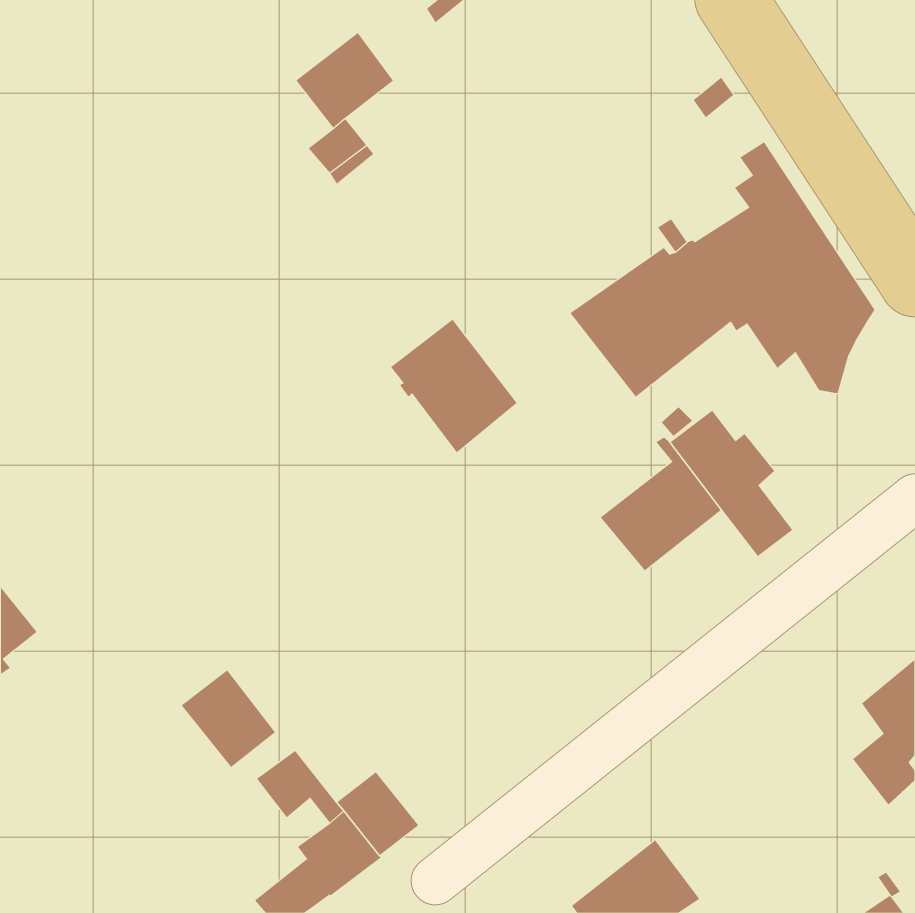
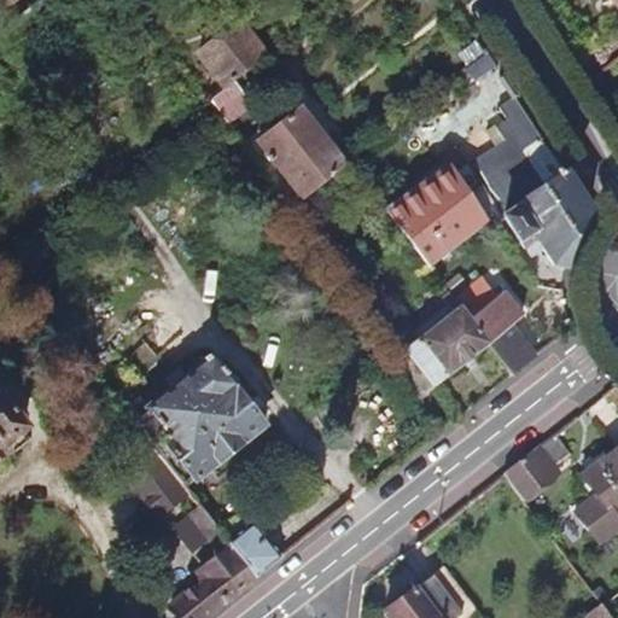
building: [390,319,517,453] -> [257,109,343,199]
building: none -> [136,355,267,486]
building: none -> [502,421,584,501]

